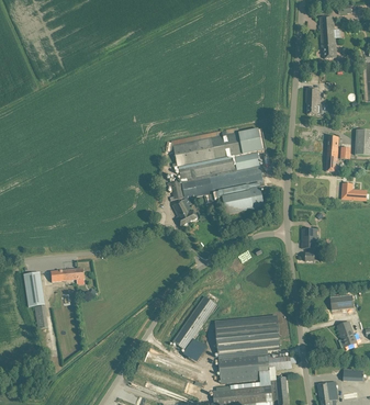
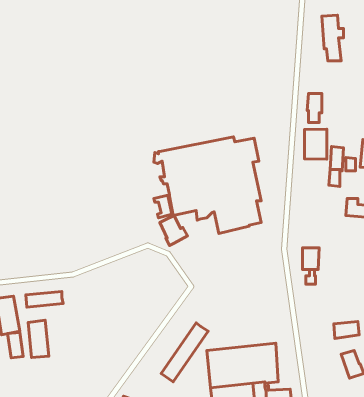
building: none -> [304,129,327,159]
building: none -> [28,320,49,357]

